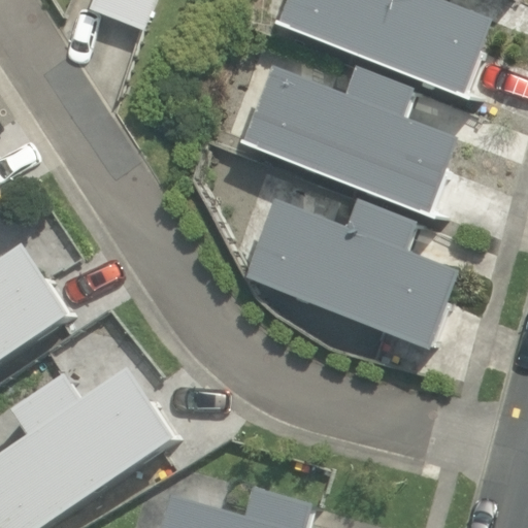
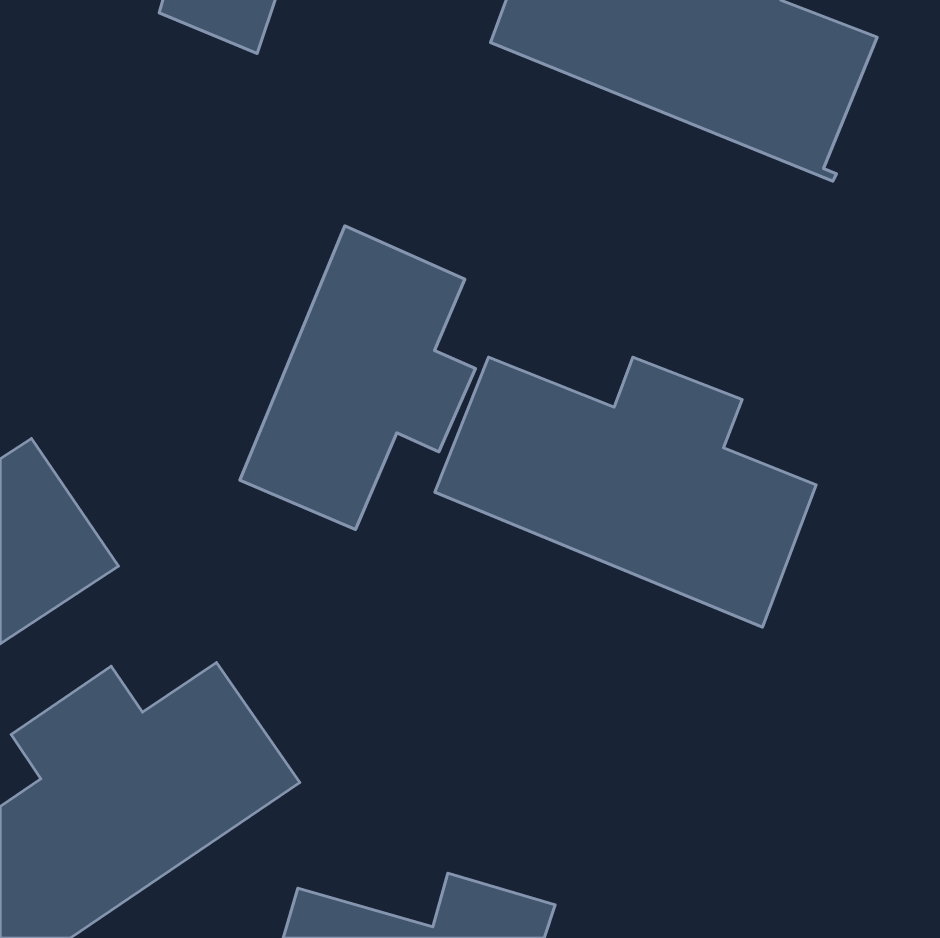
building: [242,65,458,221] -> none
building: none -> [240,226,475,530]

